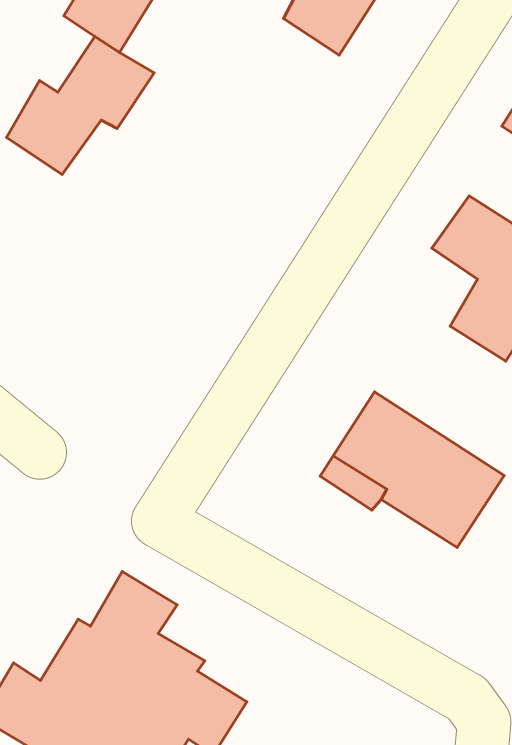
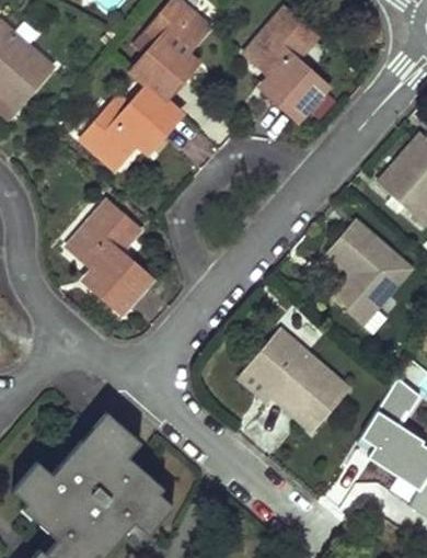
building: none -> [69,204,149,311]

